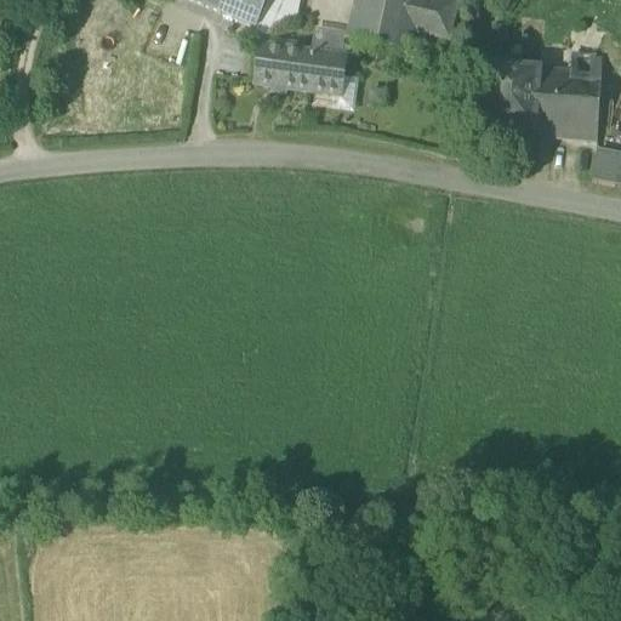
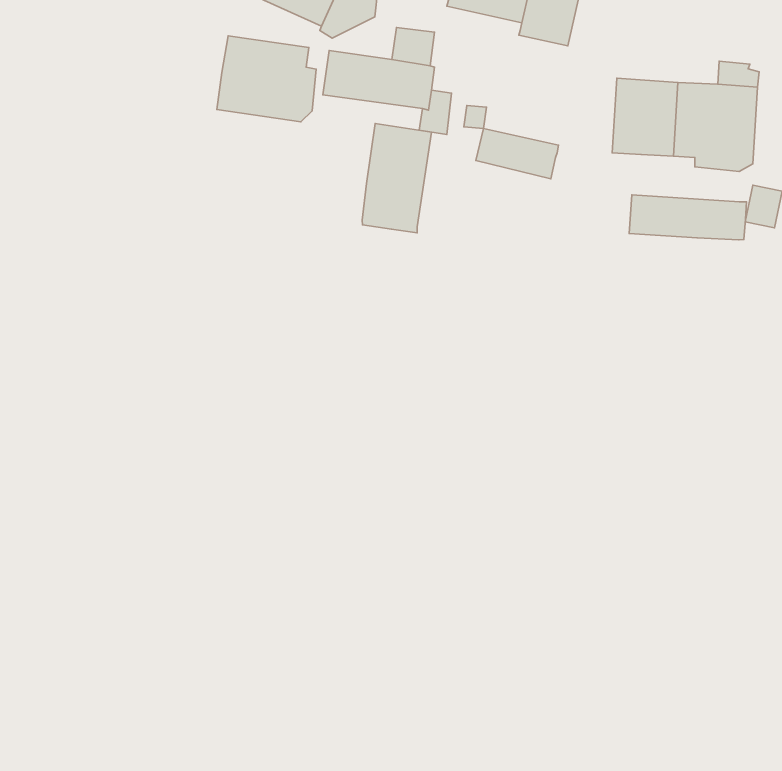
building: [348,5,414,45] -> [476,128,559,179]
building: none -> [217,36,316,122]
building: none -> [362,124,432,233]
building: none -> [629,195,746,240]

